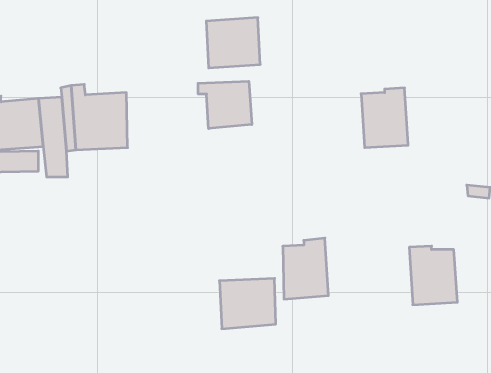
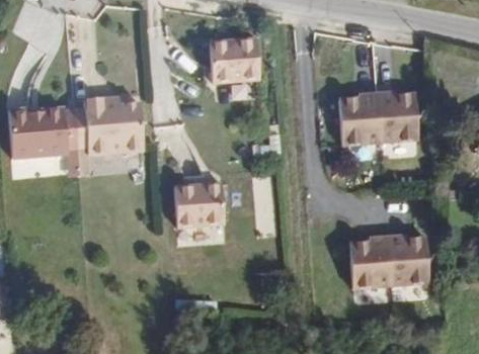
building: [198,81,252,129] -> none
building: none -> [379,96,420,146]
building: [283,238,328,299] -> [346,235,386,287]
building: [219,278,276,329] -> [174,181,223,225]

